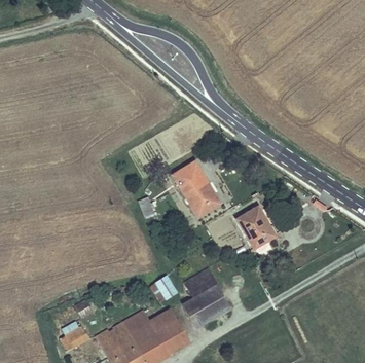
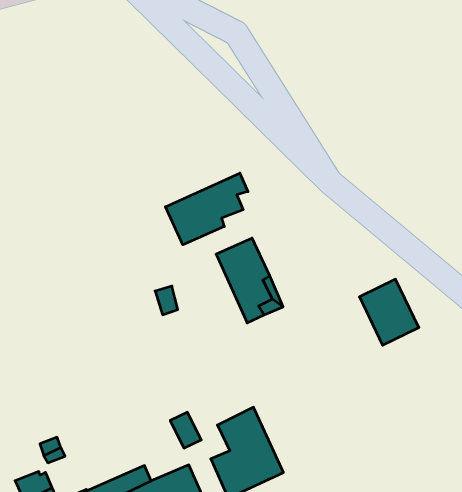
building: none -> [165,173,248,245]
building: [238,206,277,248] -> [359,279,419,345]

